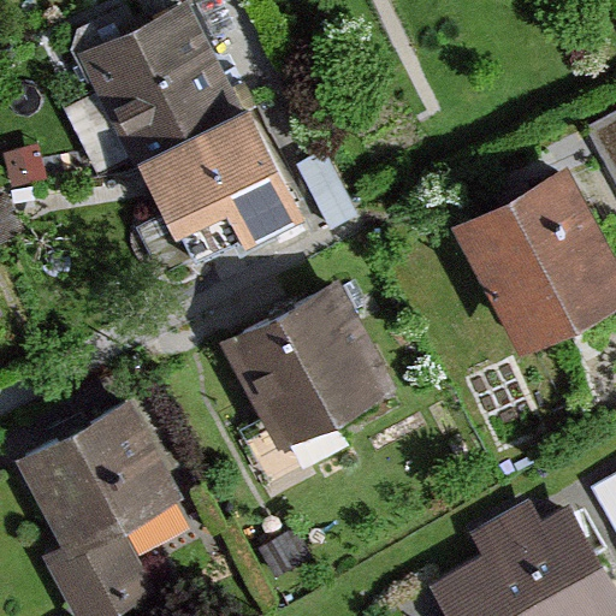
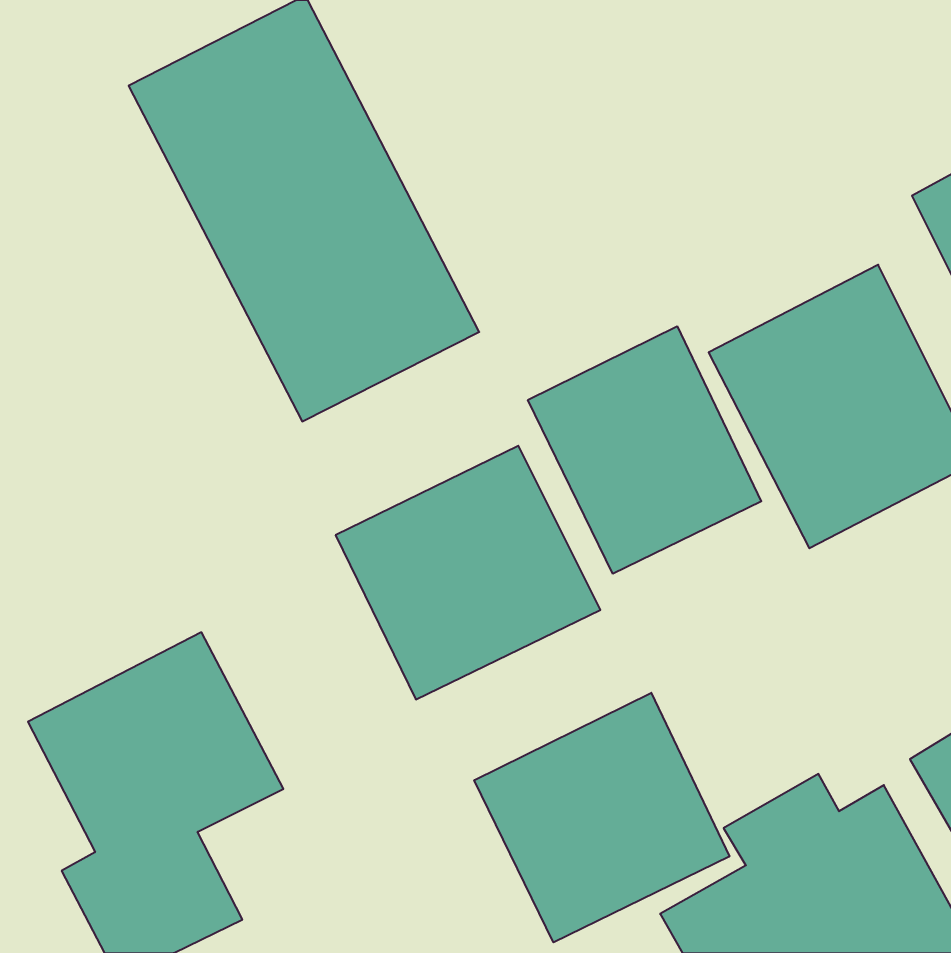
building: none -> [528,326,761,574]
building: none -> [474,693,729,942]

